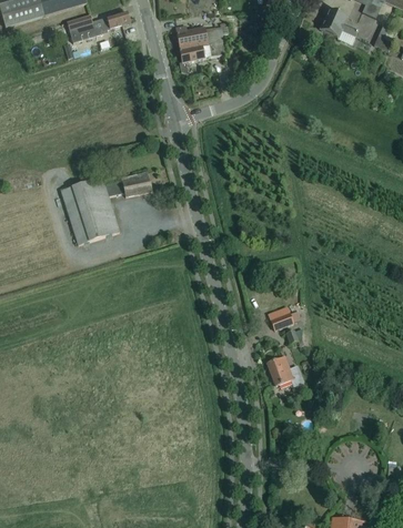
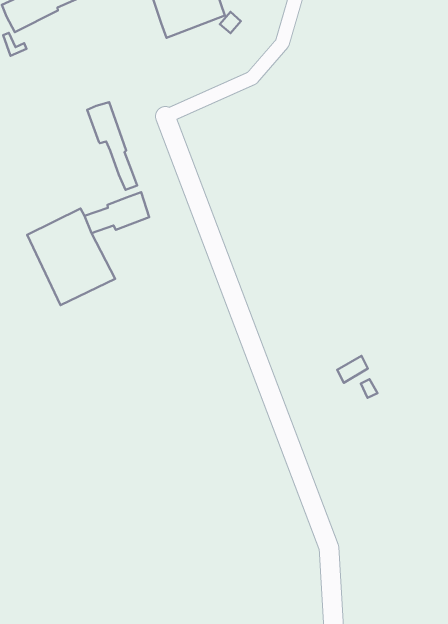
building: none -> [87,102,137,190]
building: [266,356,303,385] -> none

